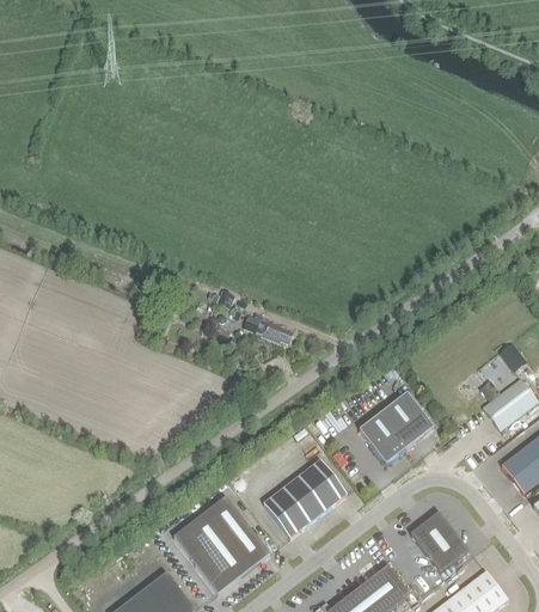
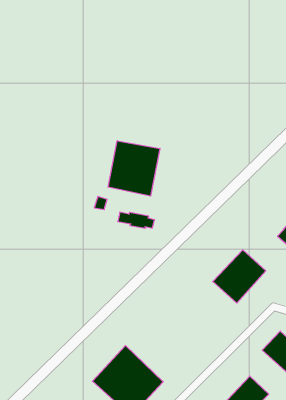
building: none -> [108,141,160,196]
building: [263,460,347,538] -> none

